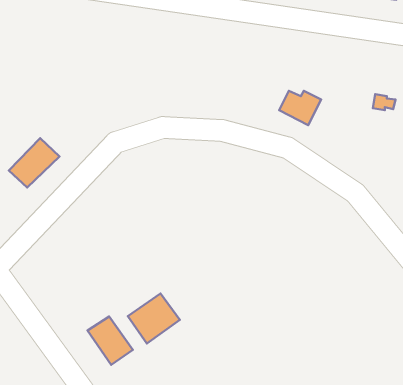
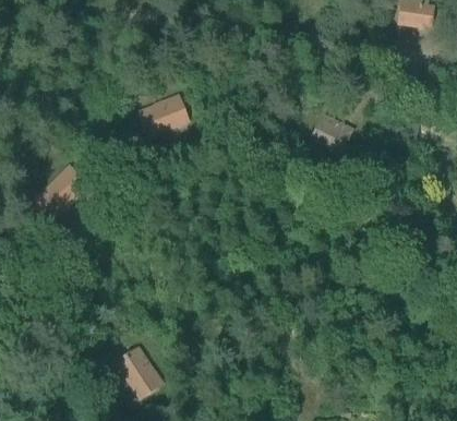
building: none -> [141,100,188,135]
building: [128,294,180,343] -> none

